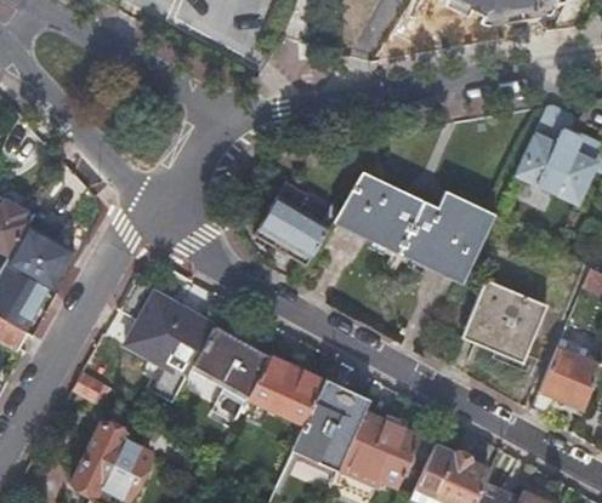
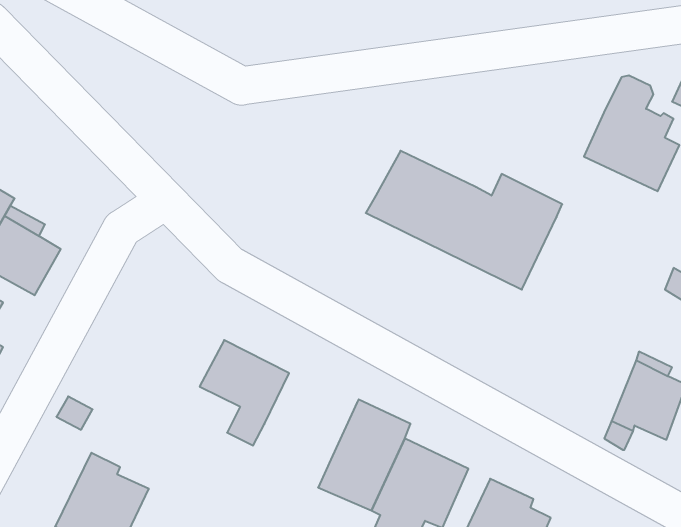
building: [254,182,340,267] -> none
building: [462,281,549,364] -> none
building: [125,282,214,376] -> none
building: [246,354,324,424] -> none

